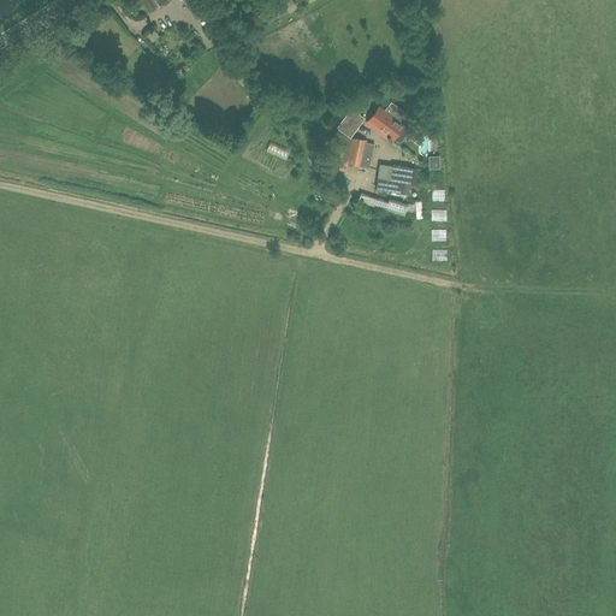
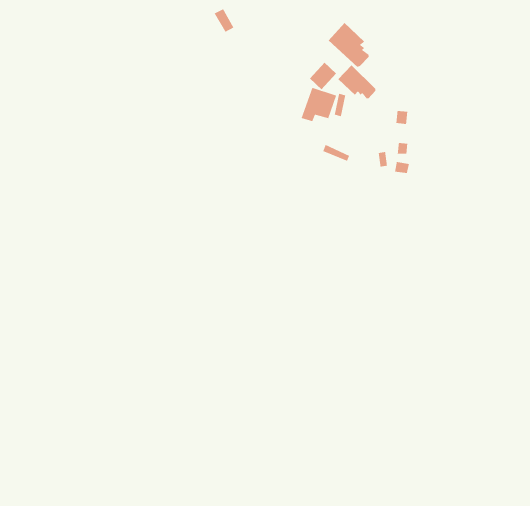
building: none -> [328,22,370,68]
building: [375,165,419,195] -> none

